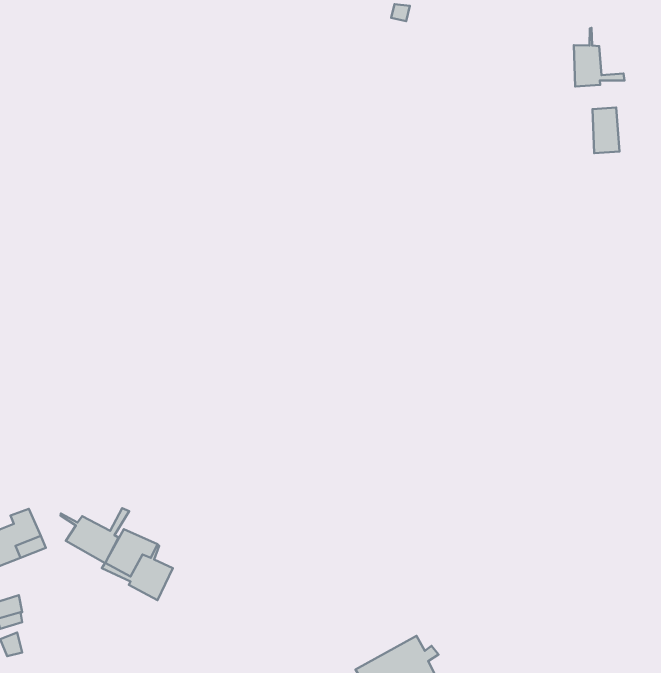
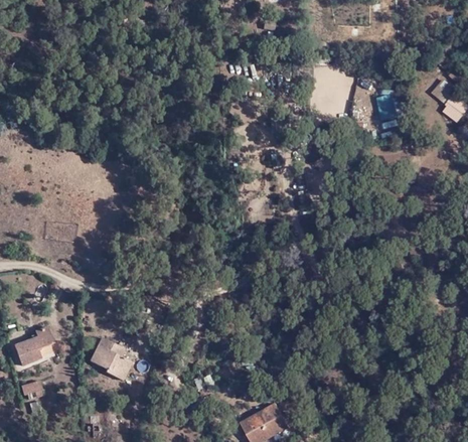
building: [574,28,624,86] -> none
building: [61,508,129,563] -> none

